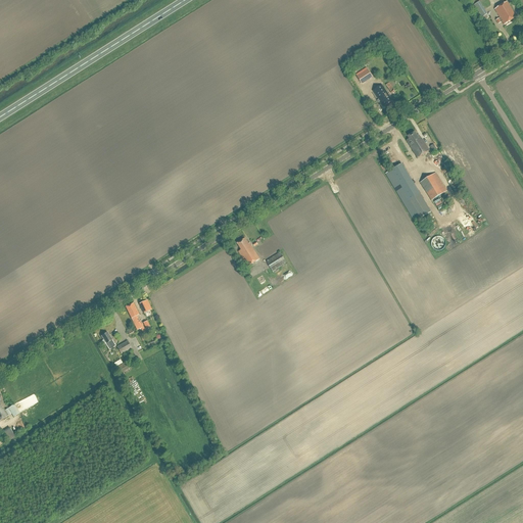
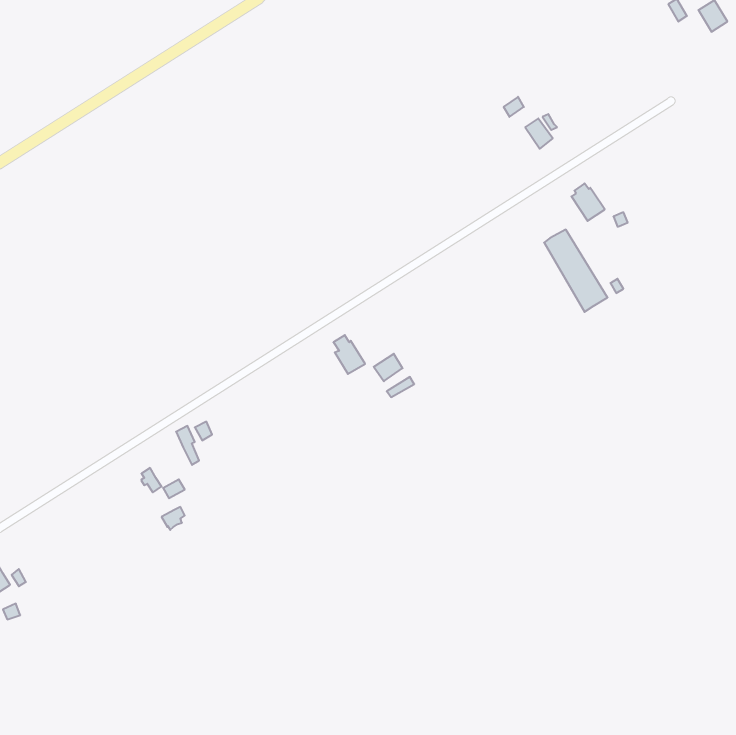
building: [419,171,446,199] -> none

